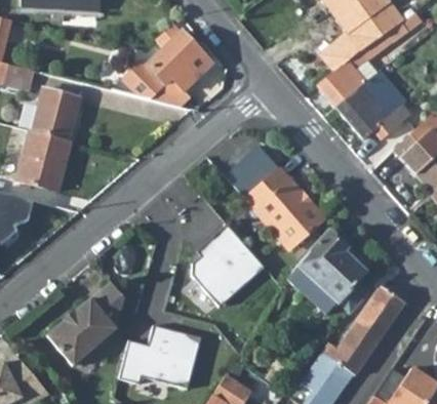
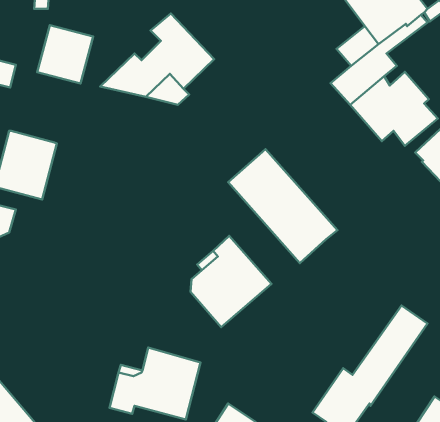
building: [31,87,81,139] -> [37,25,93,83]
building: [288,232,368,313] -> none
building: [47,282,124,365] -> none

